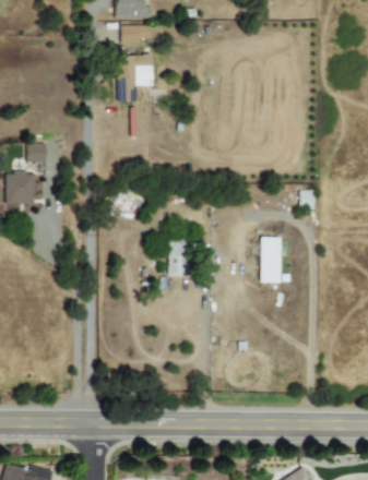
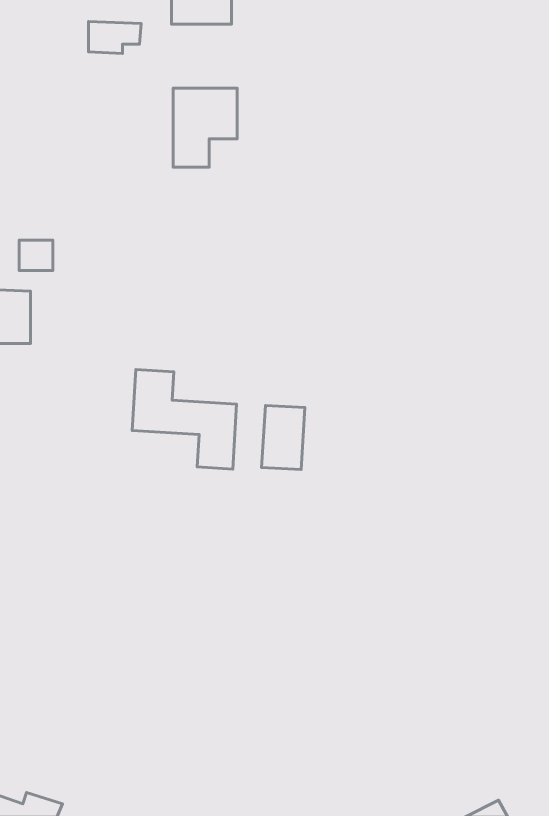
building: [121,25,152,44] -> [89,22,141,54]
building: none -> [132,370,237,469]
building: [260,237,281,283] -> none

